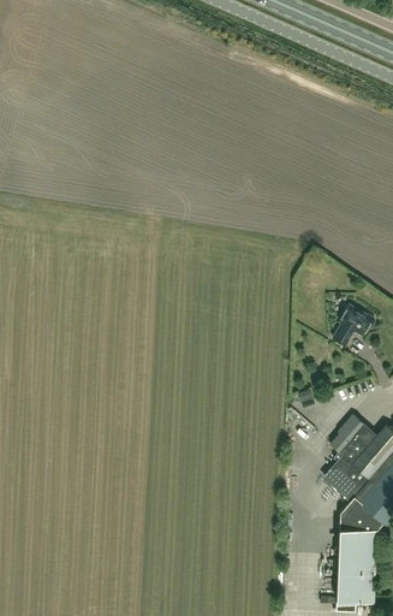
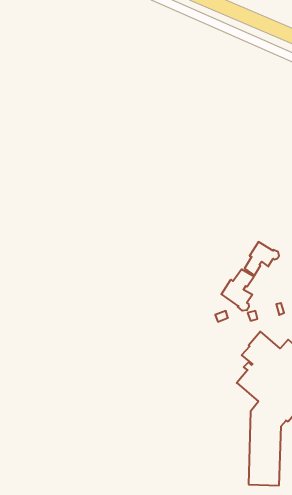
building: none -> [221,269,254,311]

